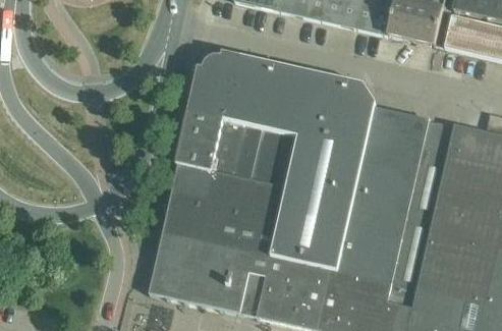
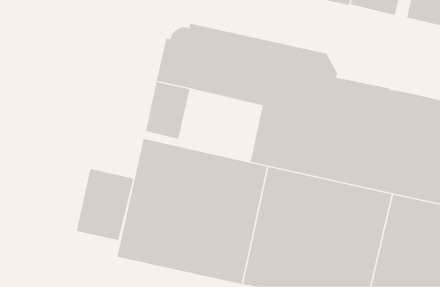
building: [175,120,297,196] -> none
building: none -> [76,168,134,241]

